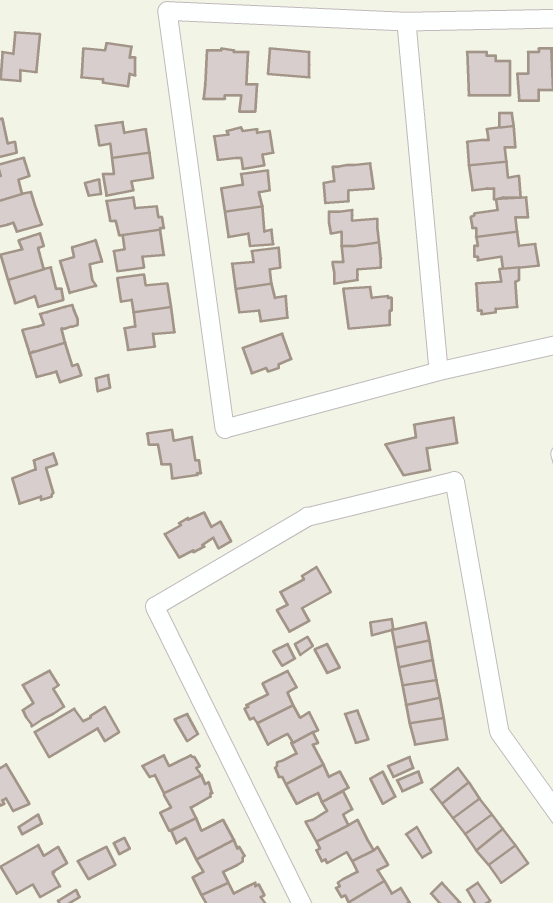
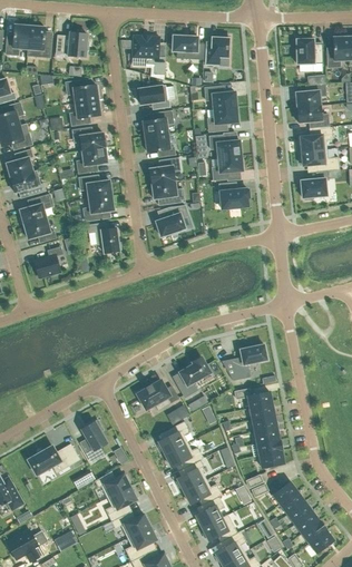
building: none -> [27,26,51,58]
building: none -> [205,33,231,65]
building: none -> [203,86,235,108]
building: [60,240,102,293] -> none
building: [385,418,457,475] -> [222,344,266,380]
building: [147,430,201,478] -> [88,223,121,253]
building: [12,453,57,504] -> [35,246,62,277]
building: [165,513,231,557] -> [136,381,177,409]
building: [23,671,64,726] -> [81,420,107,454]

